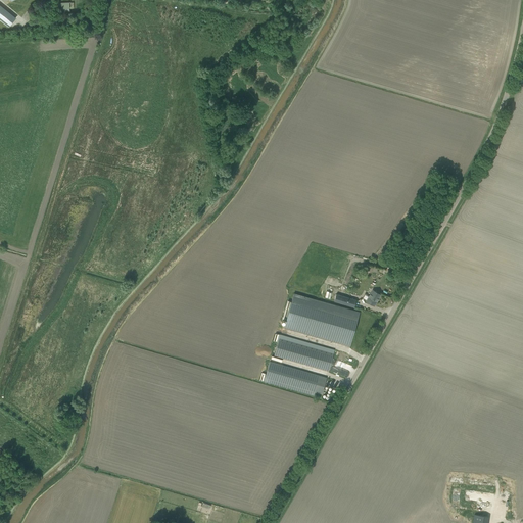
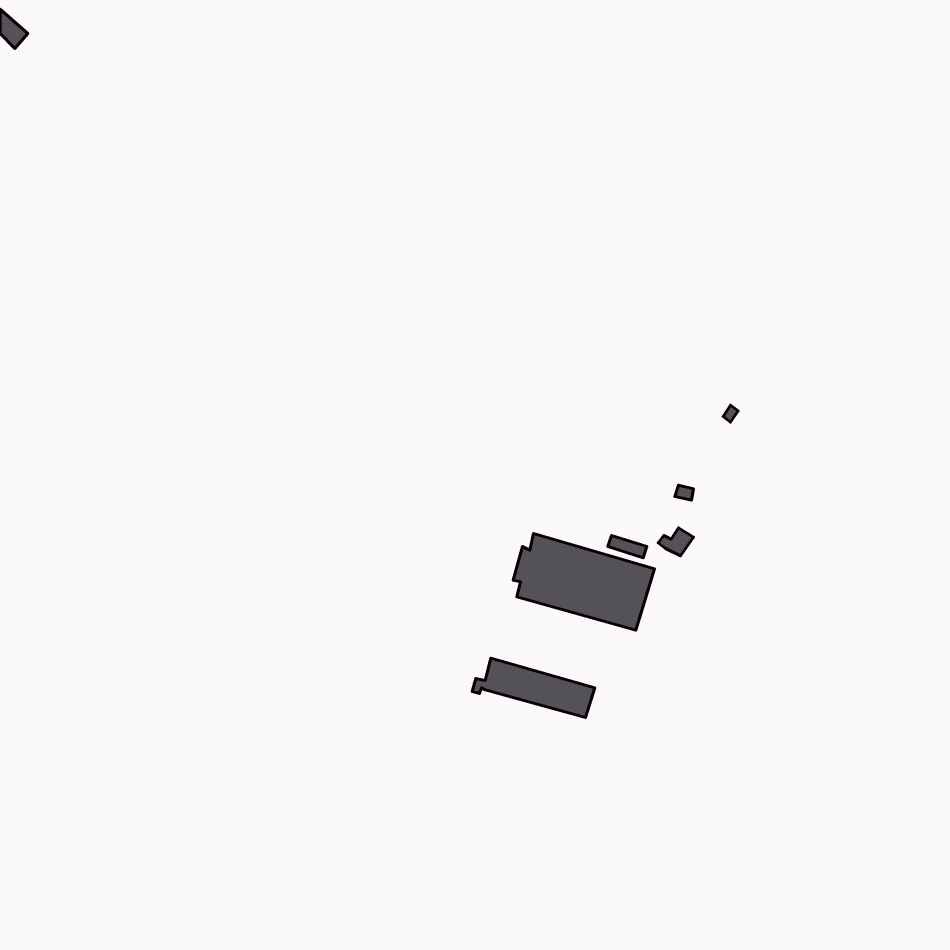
building: [274,338,333,371] -> none

